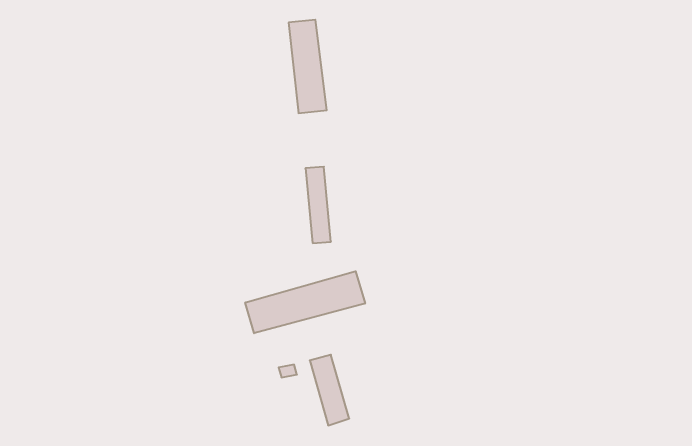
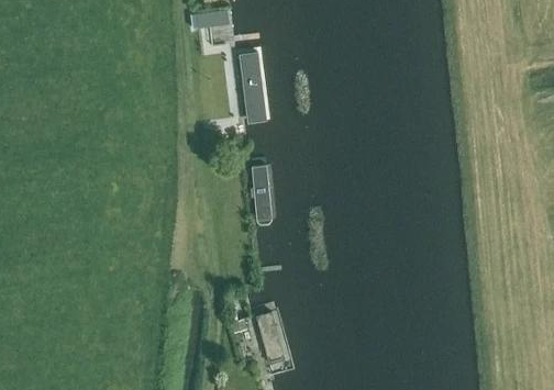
building: [245,271,365,333] -> none

